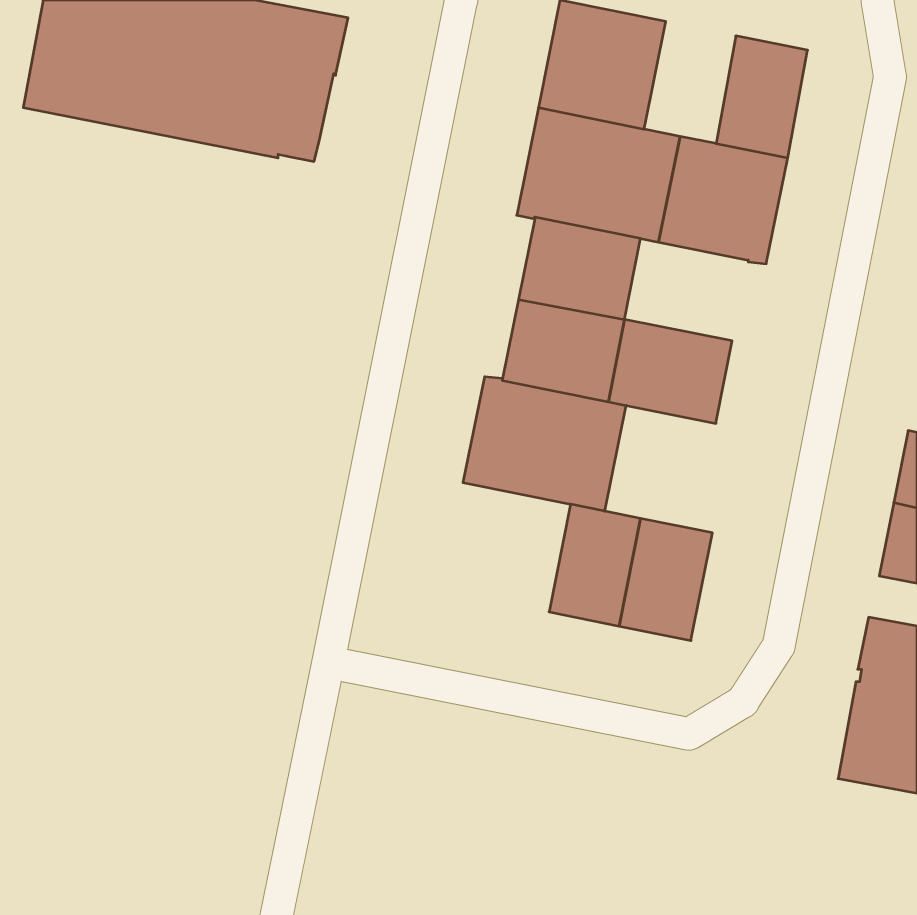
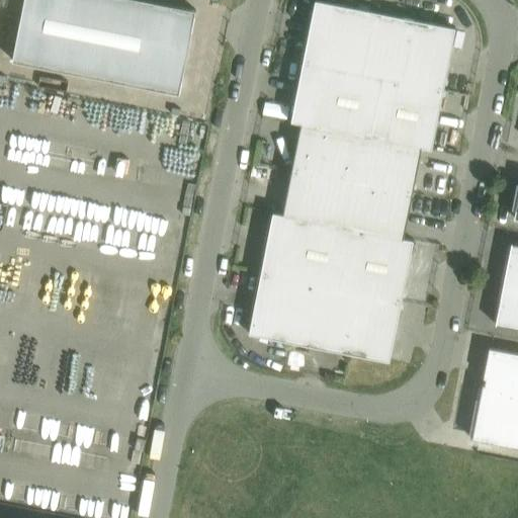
building: none -> [363,13,415,82]
building: none -> [352,136,422,193]
building: none -> [341,230,414,301]
building: none -> [249,273,322,346]

